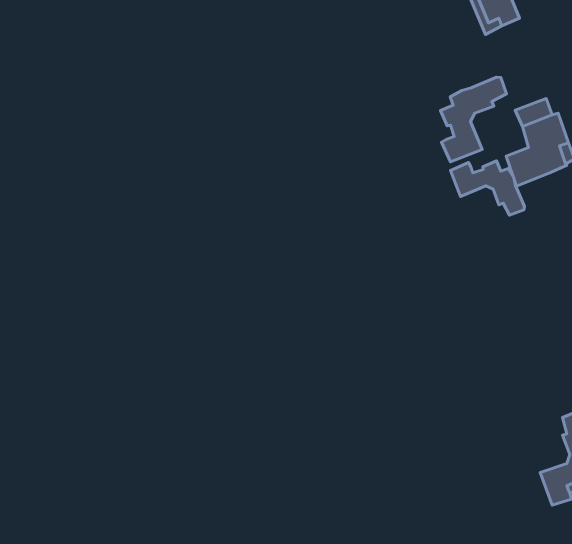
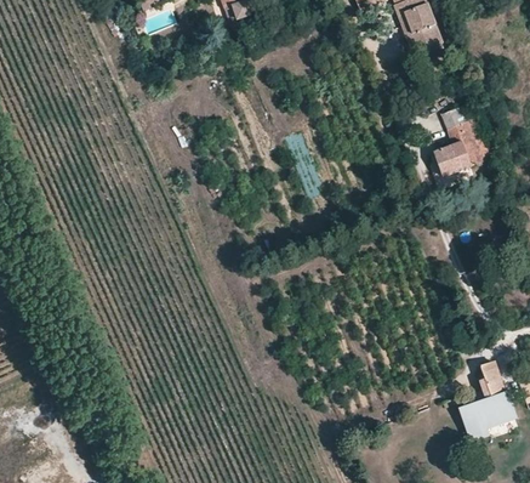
building: [440,77,507,162] -> none
building: [451,161,524,215] -> none

